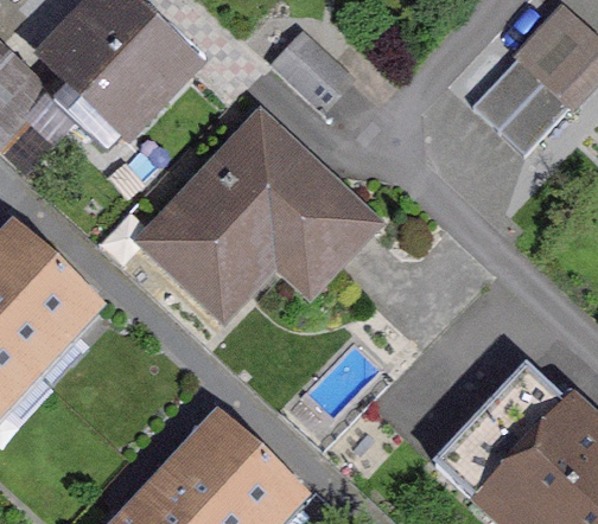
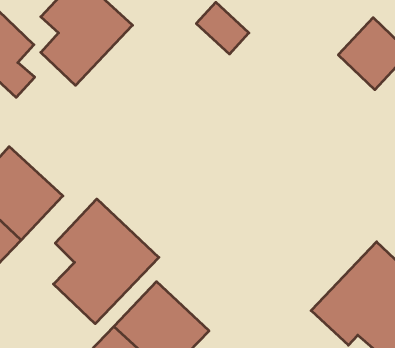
building: [148,120,373,312] -> none
building: none -> [53,199,159,324]

